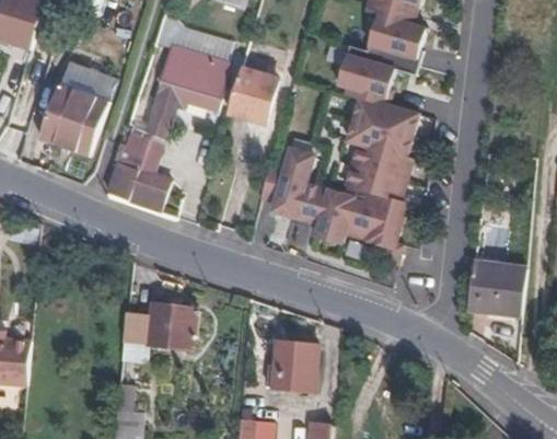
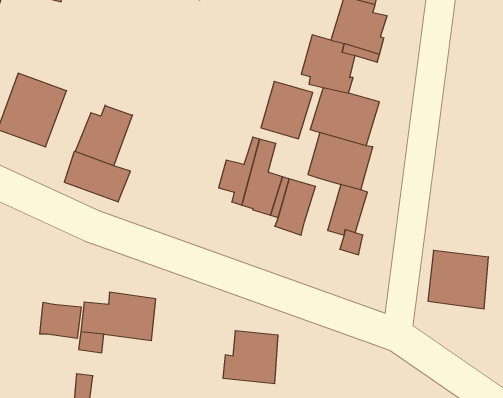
building: [148,45,232,125] -> none
building: [60,60,116,101] -> none
building: [228,67,279,124] -> [261,81,313,139]
building: [345,187,381,239] -> none
building: none -> [40,302,81,338]

